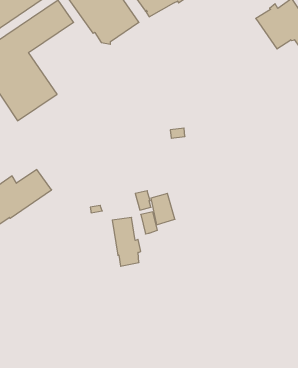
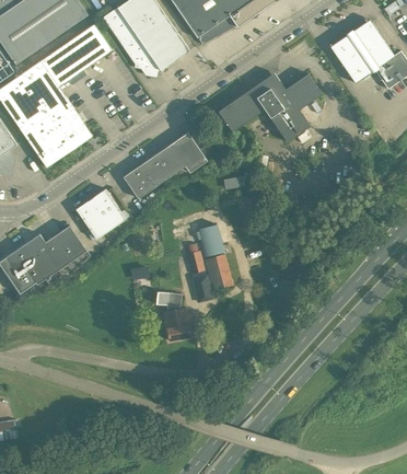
building: none -> [217,72,321,141]
building: none -> [123,131,205,198]
building: none -> [74,188,125,239]
building: none -> [195,223,222,257]

